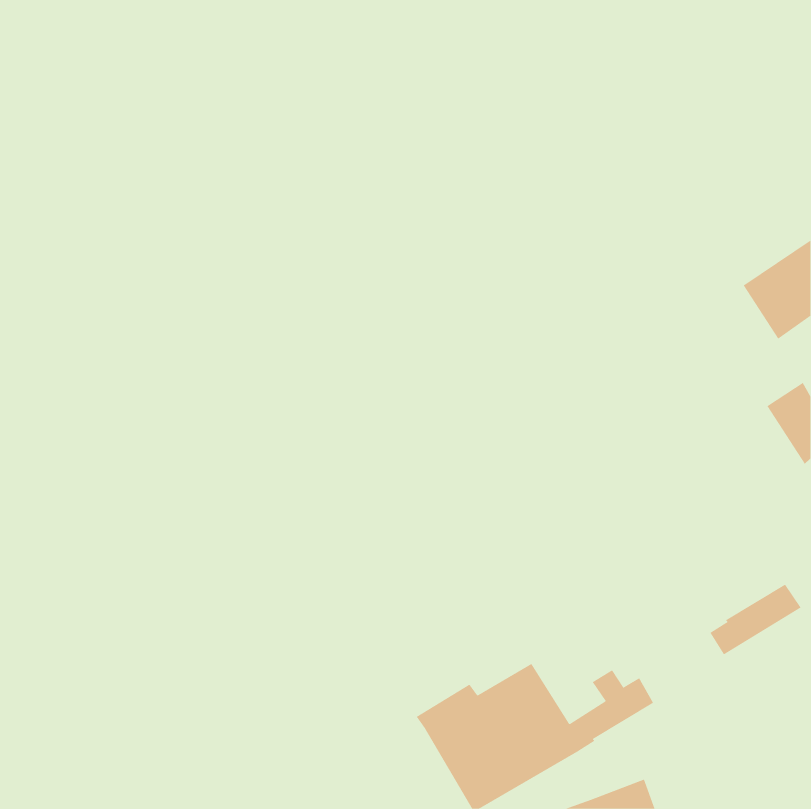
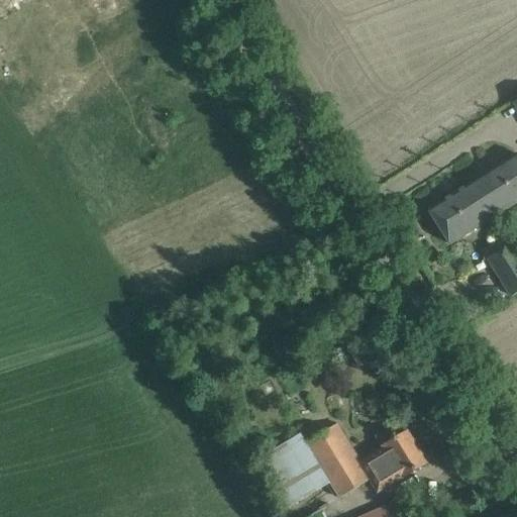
building: none -> [428,182,495,243]
building: [709,584,801,655] -> [368,447,426,493]

